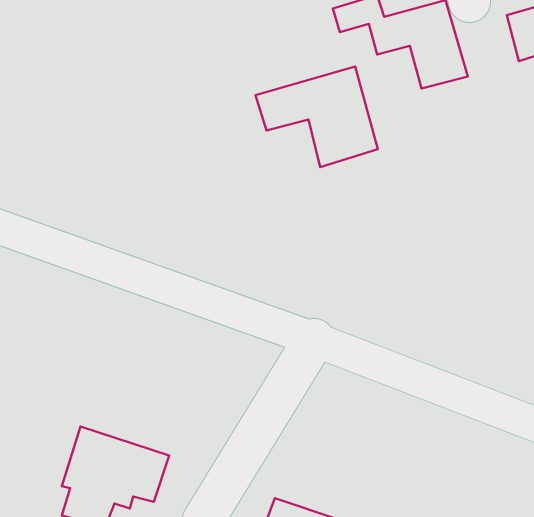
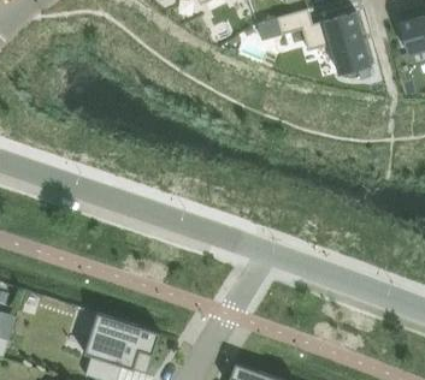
building: [256,66,378,167] -> none

